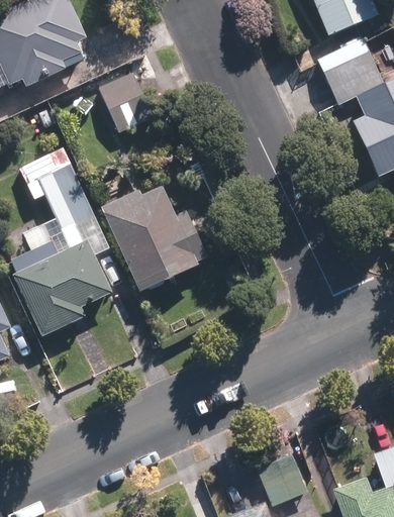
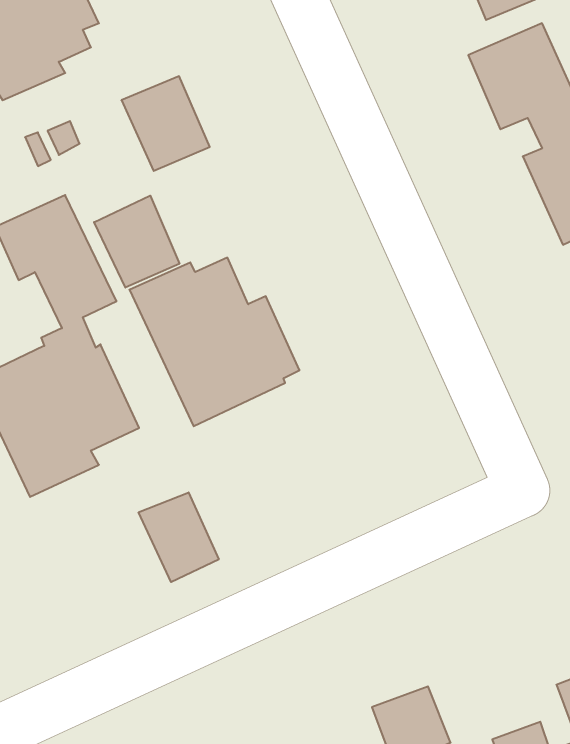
building: none -> [94,196,179,288]
building: none -> [139,492,219,582]

